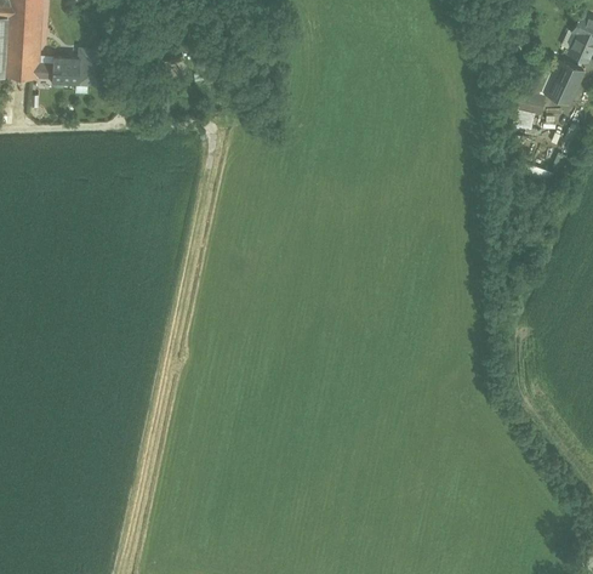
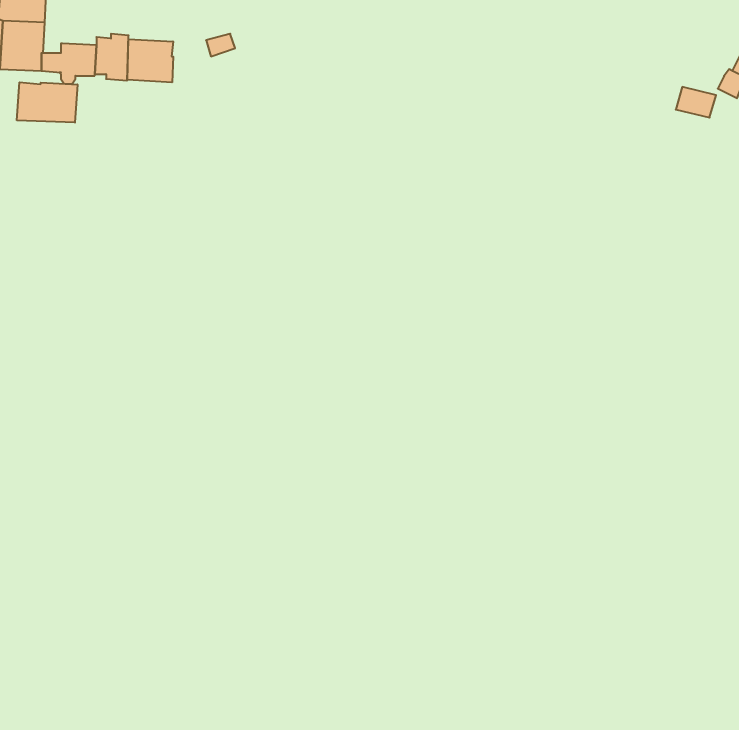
building: none -> [127,39,173,82]
building: none -> [17,82,77,123]

